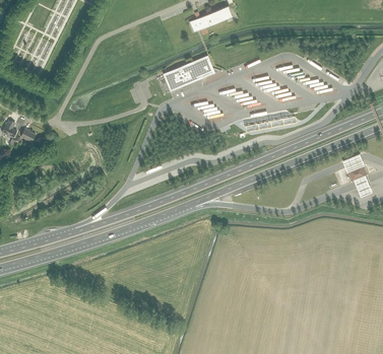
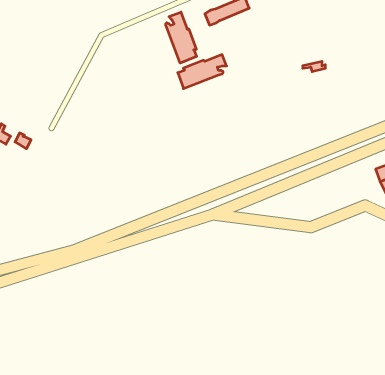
building: none -> [166,12,197,63]

